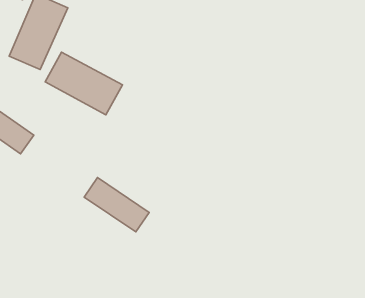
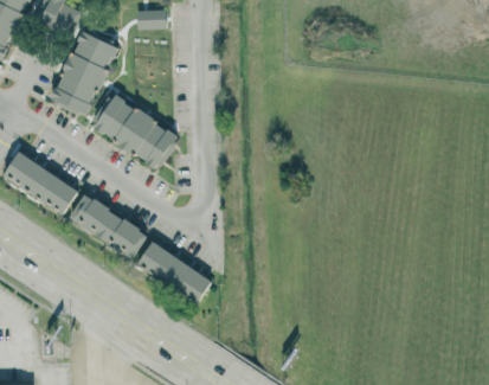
building: none -> [70,197,149,258]

